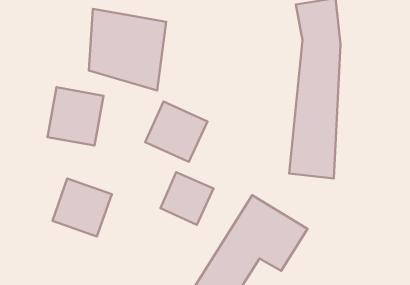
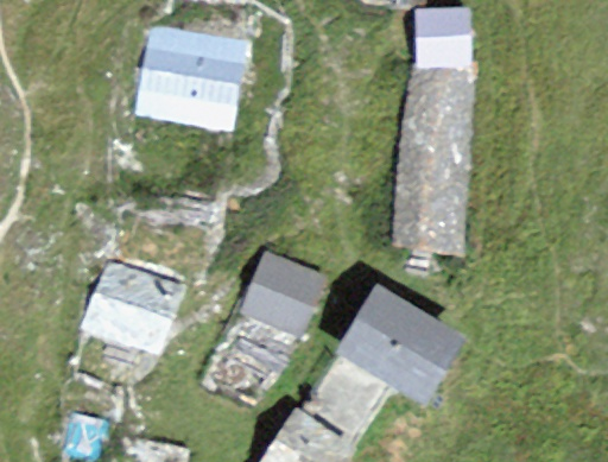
building: [48,87,103,145] -> none
building: [145,102,207,162] -> none

